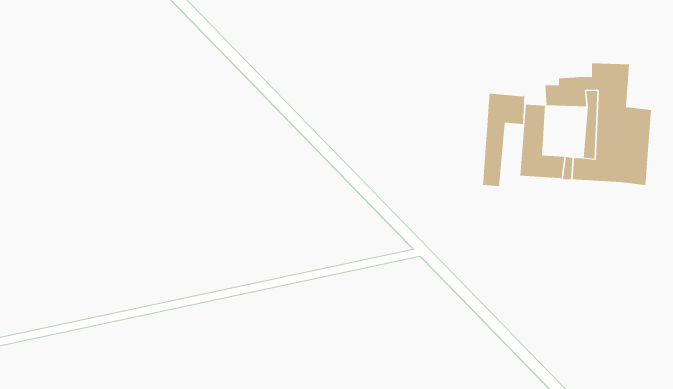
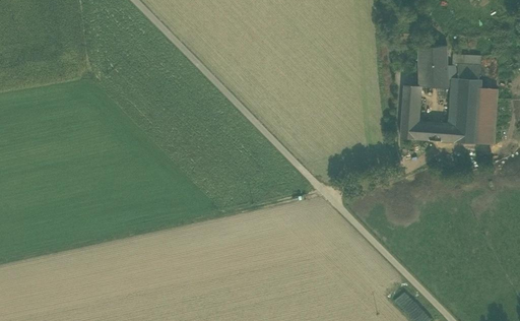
building: none -> [416,46,447,71]
building: [482,93,525,187] -> none

